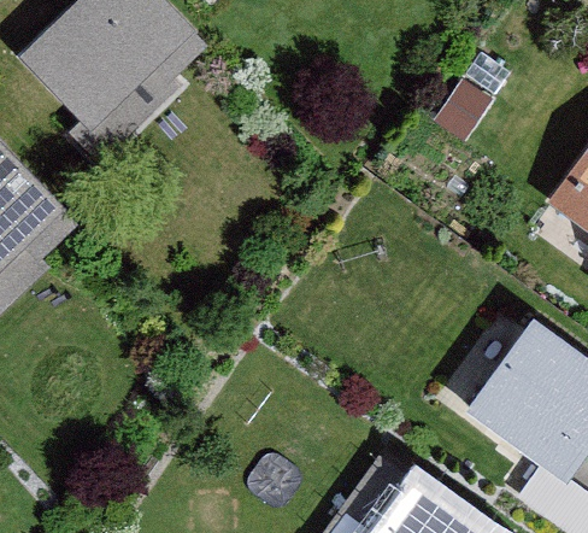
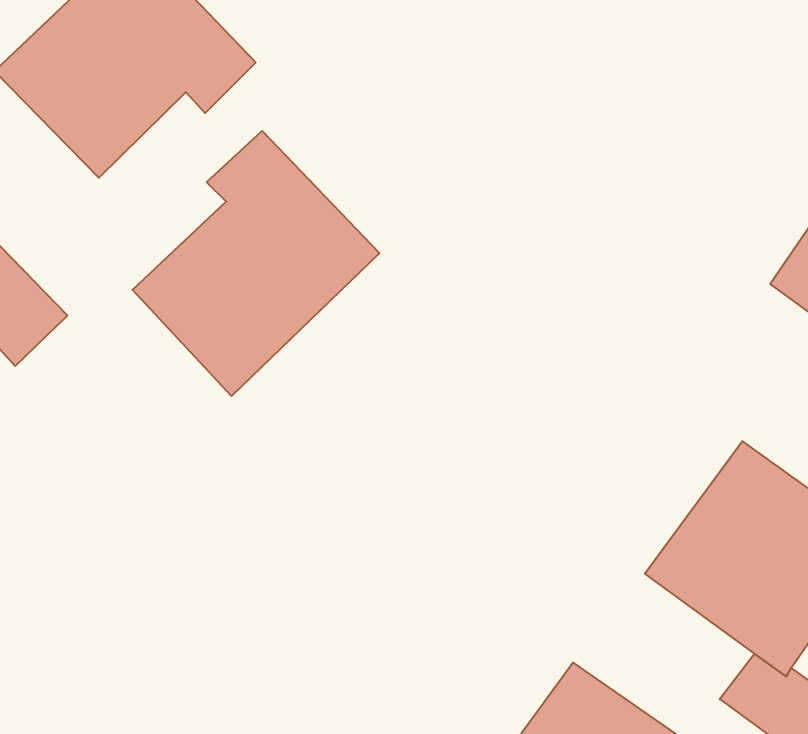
building: none -> [132,131,379,396]

